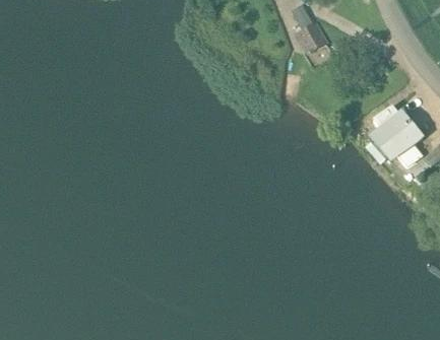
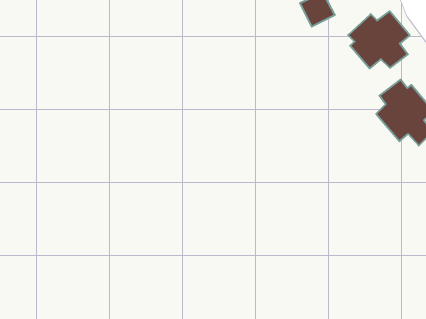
building: none -> [348,11,410,68]

